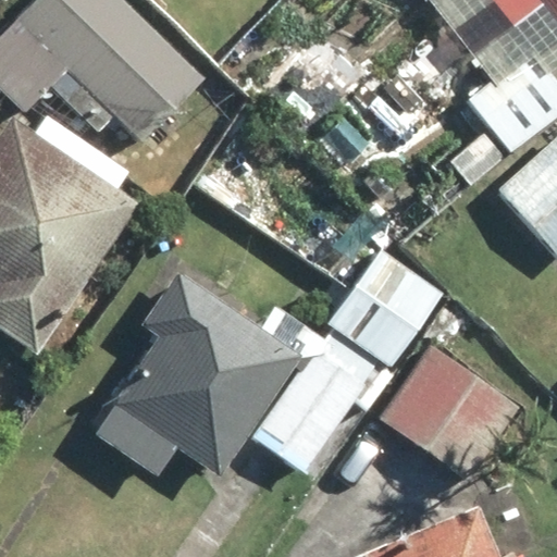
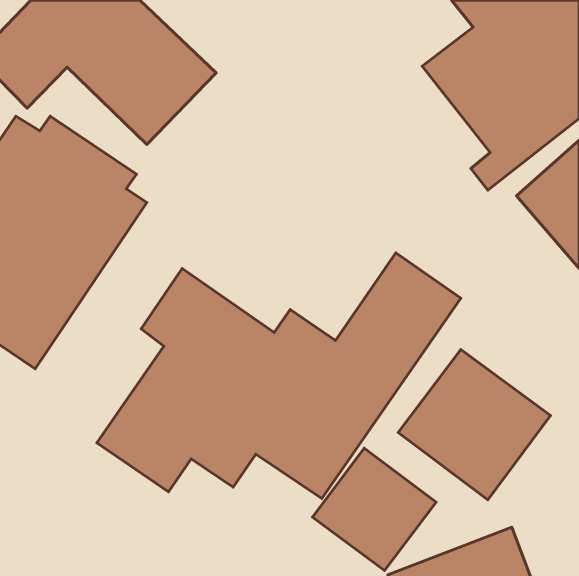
building: none -> [313,448,436,570]

